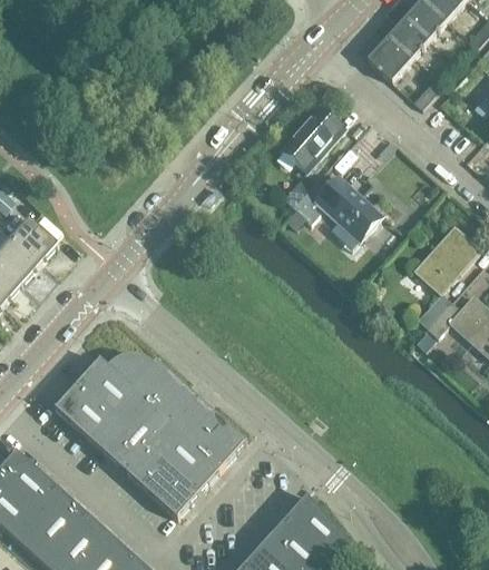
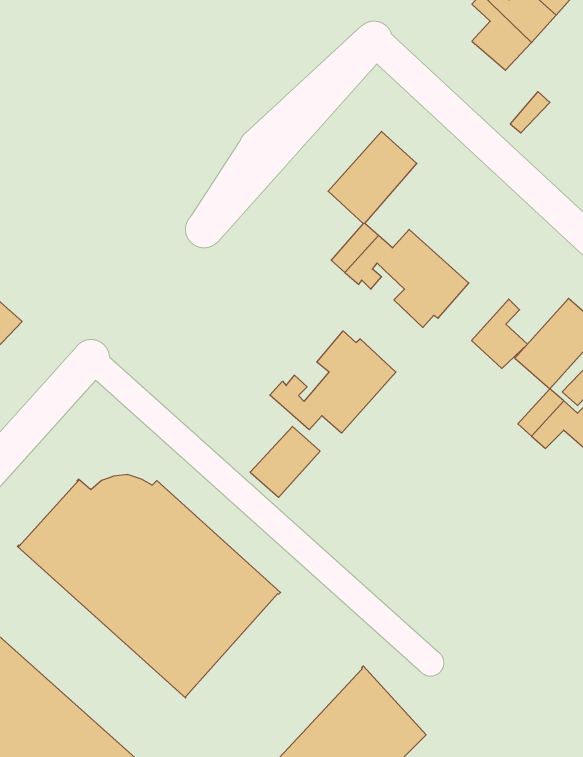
building: [366,40,409,81] -> none
building: none -> [472,299,527,368]
building: none -> [270,331,396,433]
building: none -> [250,426,320,497]

